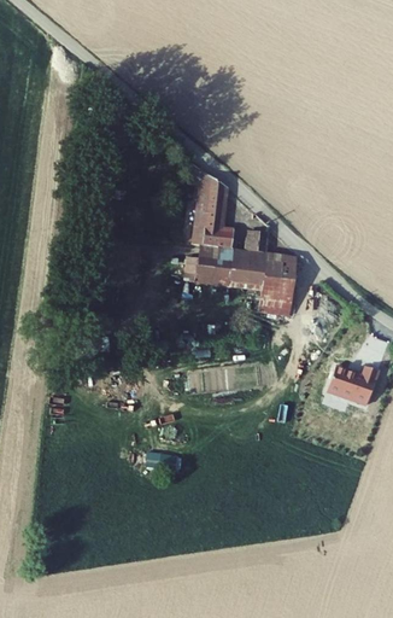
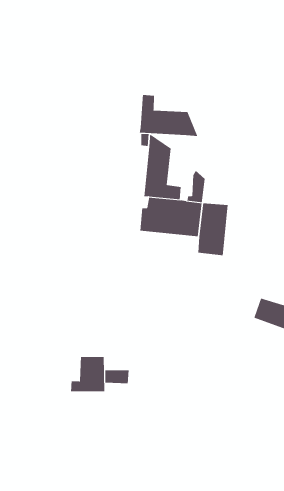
building: none -> [139,94,198,137]
building: none -> [70,356,105,392]

